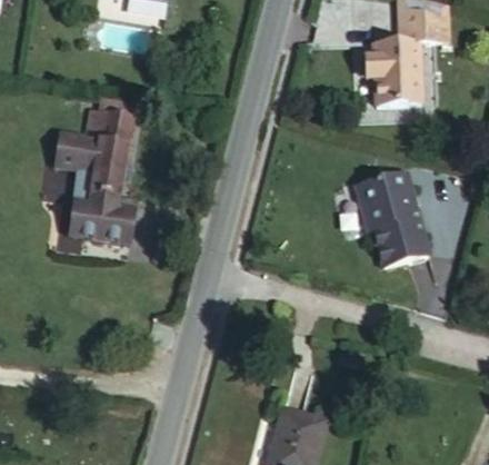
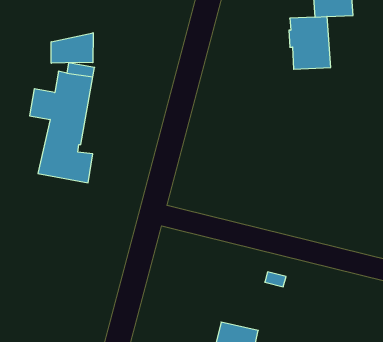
building: none -> [51,33,93,63]
building: [352,172,427,265] -> none

